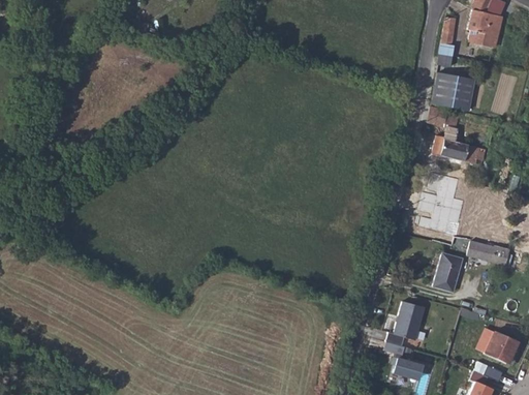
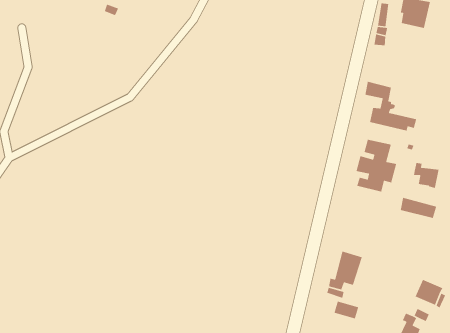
building: [434,74,474,111] -> none
building: none -> [413,162,439,189]
building: [434,254,462,292] -> none

